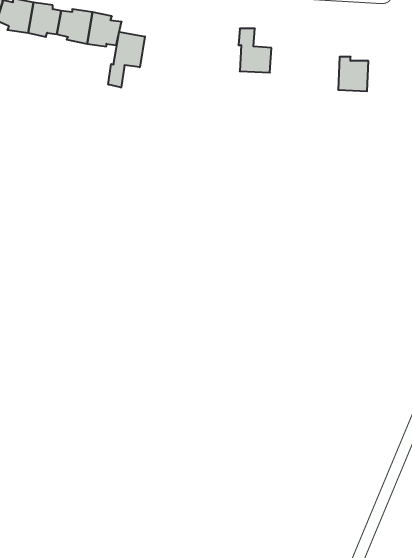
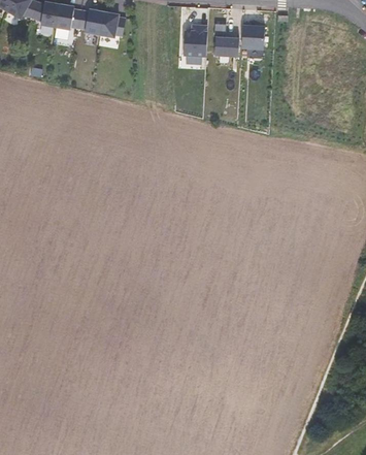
building: none -> [182,25,207,57]
building: [108,32,145,88] -> none
building: [338,57,368,91] -> [241,23,264,48]

